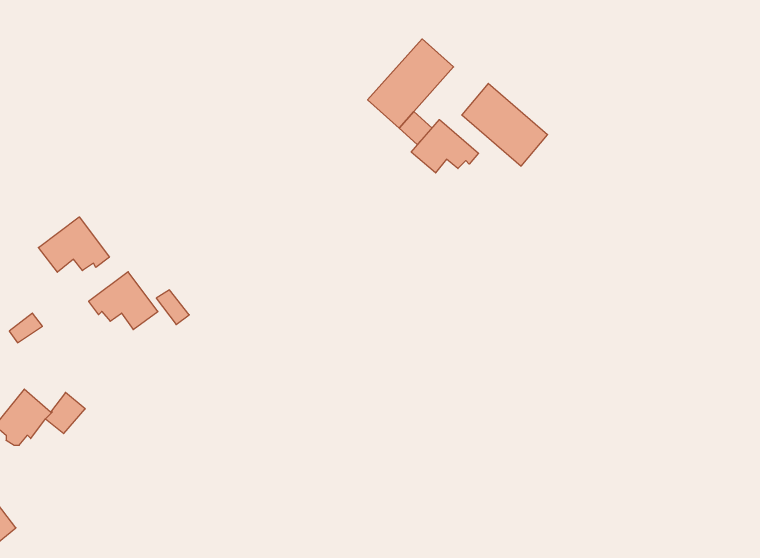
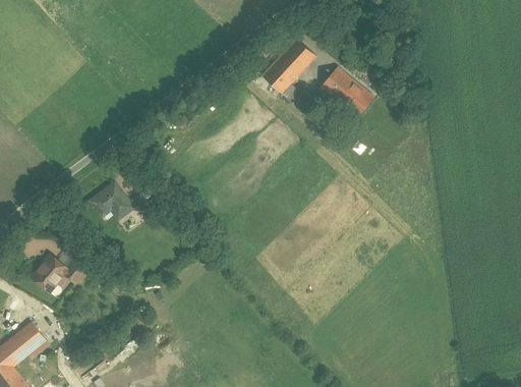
building: [411,120,479,173] -> none
building: [38,217,109,272] -> none

